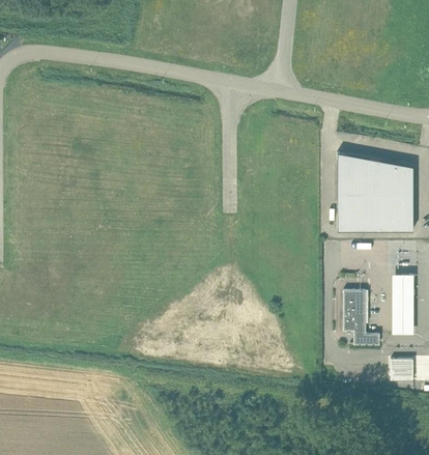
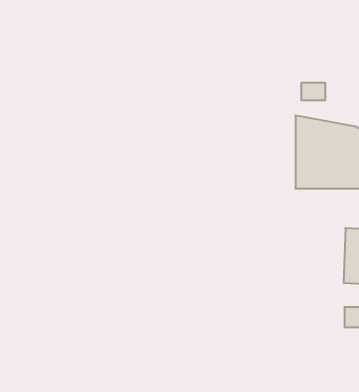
building: none -> [302,83,325,100]
building: [343,289,378,344] -> none

